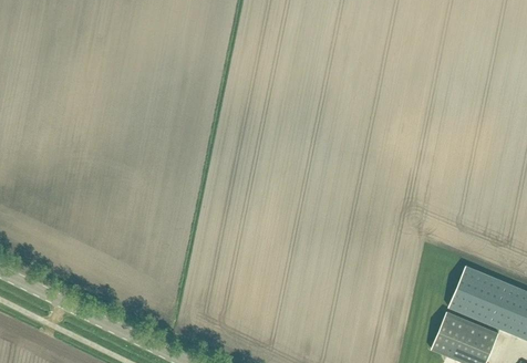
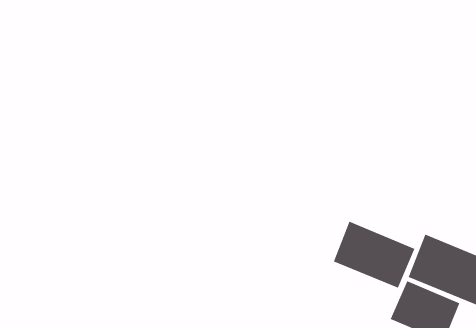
building: none -> [333,221,415,289]

